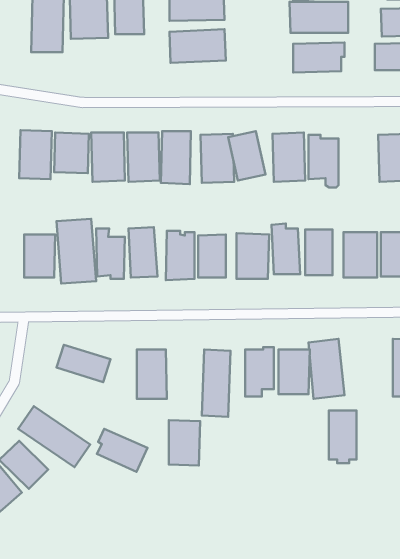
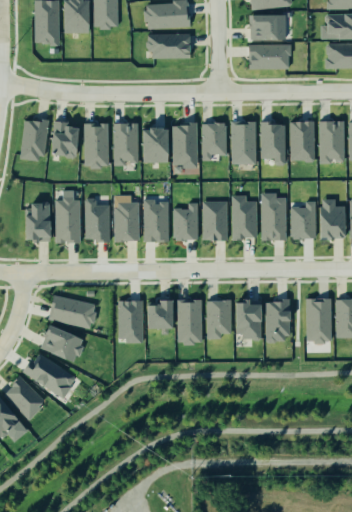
building: none -> [292,121,317,162]
building: [329,410,356,463] -> [308,299,331,343]
building: [169,420,200,466] -> [147,300,173,338]
building: [97,429,147,472] -> [42,326,84,362]

